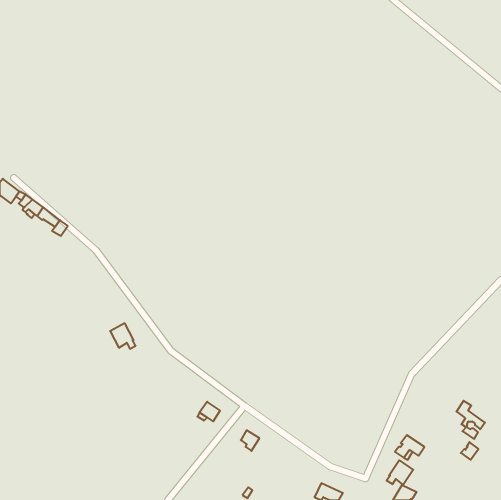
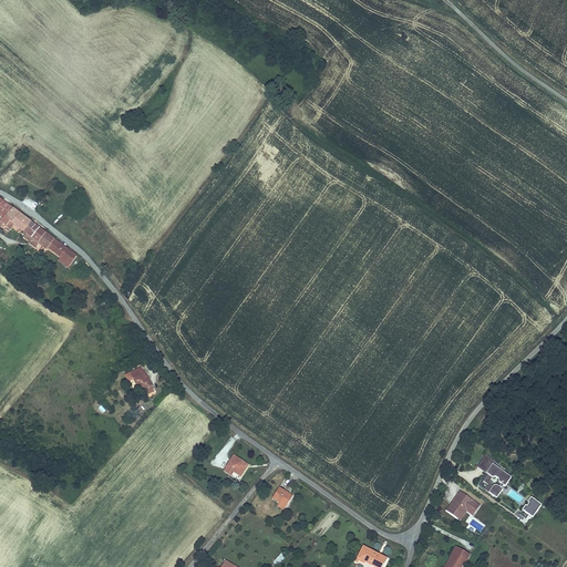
building: [456,401,485,439] -> [476,455,508,498]
building: [387,460,413,485] -> none

